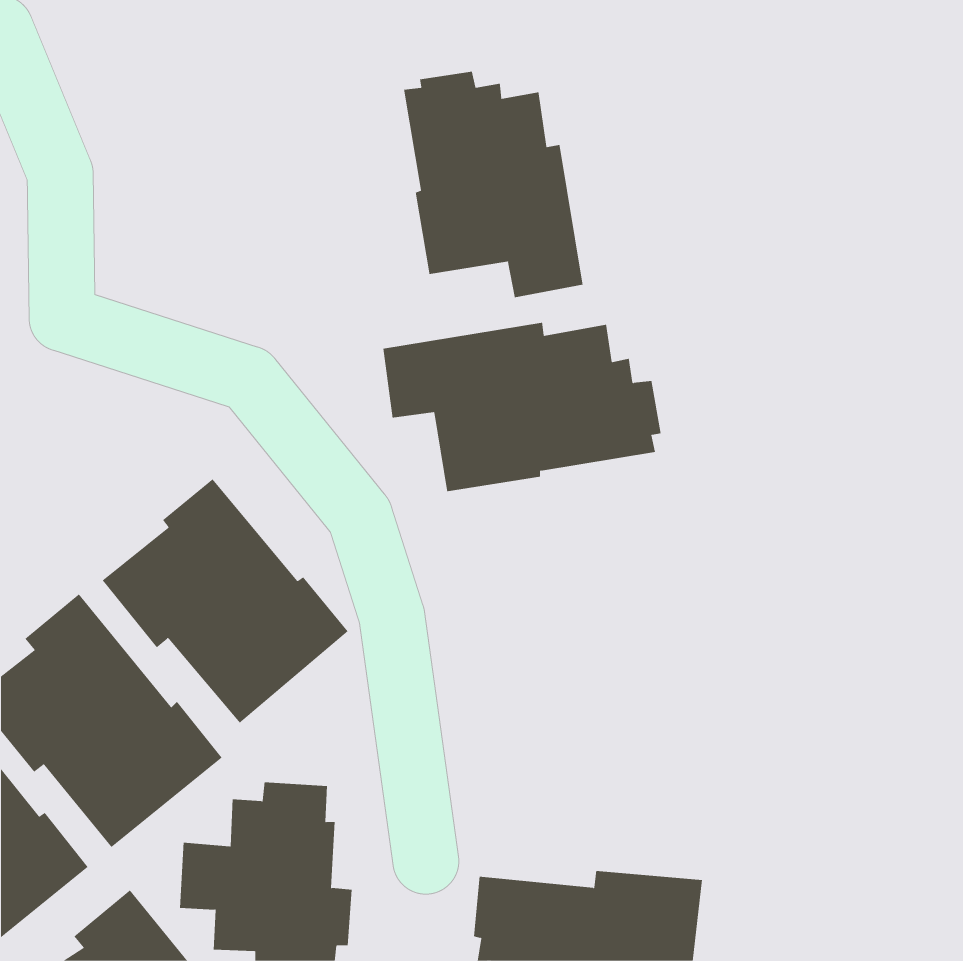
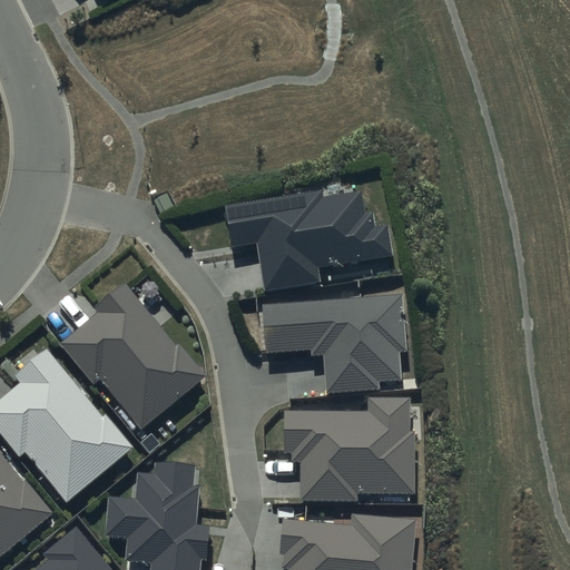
building: [404,71,583,298] -> none
building: none -> [264,294,405,392]
building: none -> [284,397,414,501]

